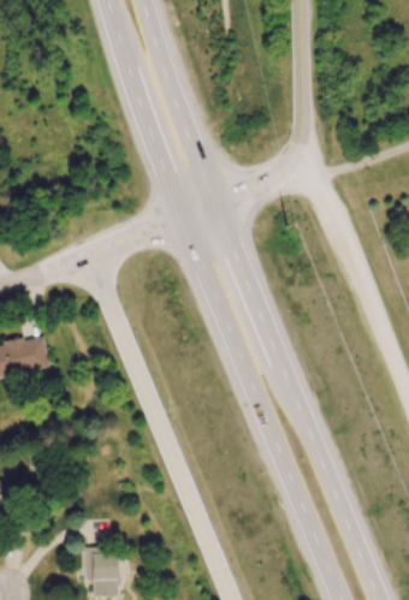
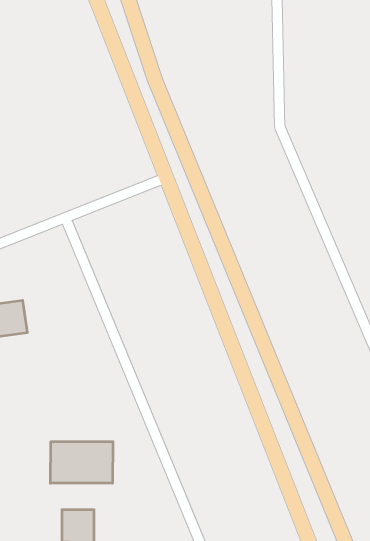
building: none -> [50,442,113,483]

